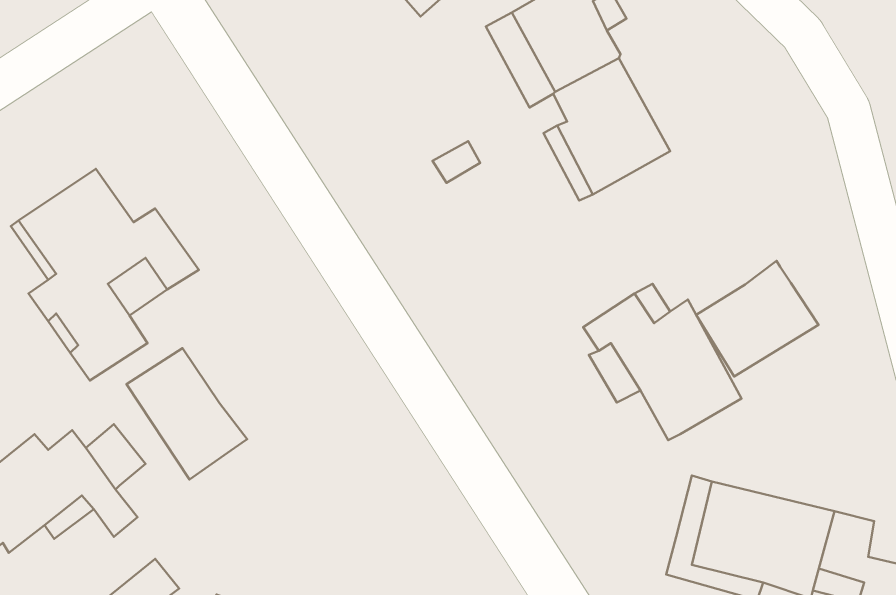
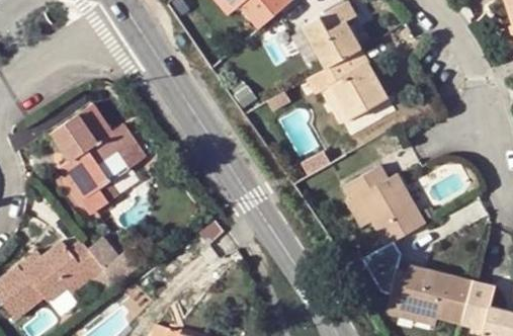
building: [696,261,818,376] -> none
building: [126,348,247,479] -> none
building: none -> [362,241,400,293]

